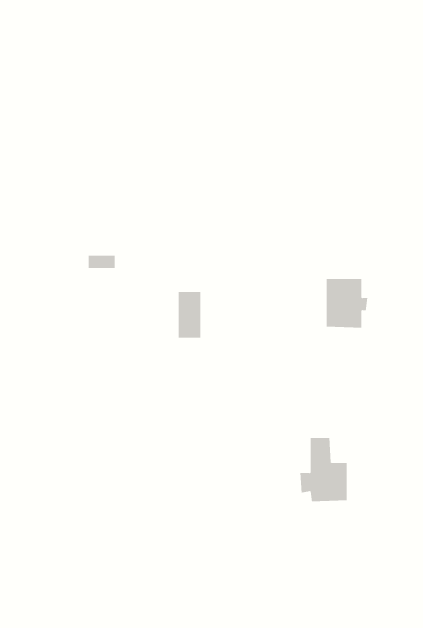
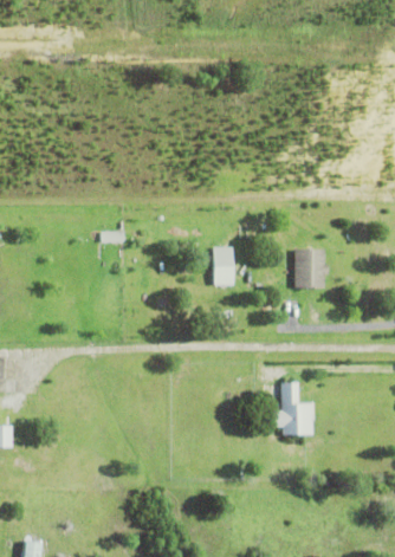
building: [178,291,201,338] -> [214,250,233,287]

